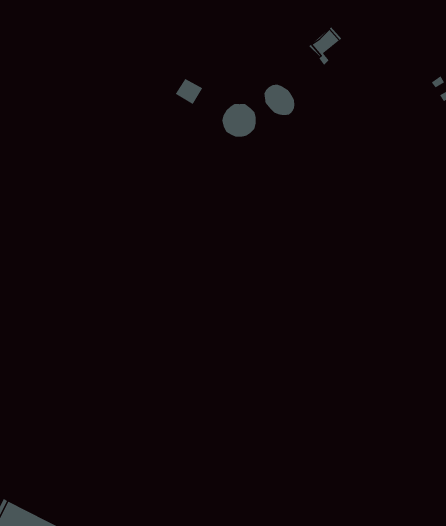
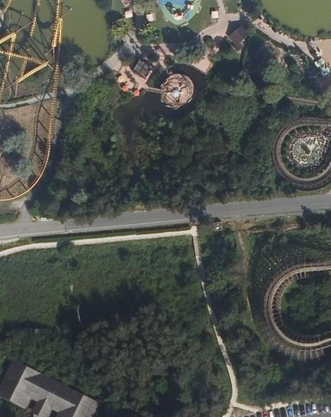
building: [264,84,295,116] -> none

